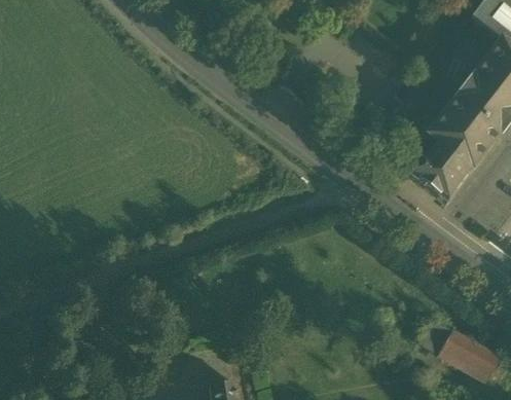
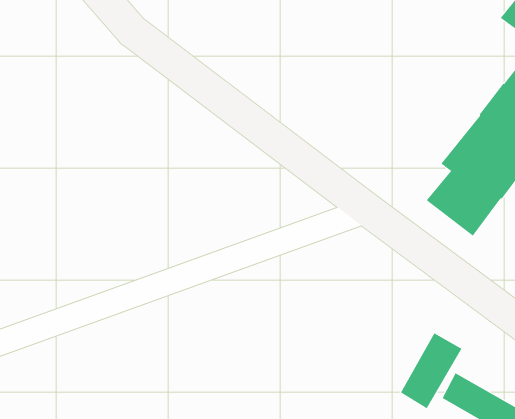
building: none -> [400,332,462,409]

